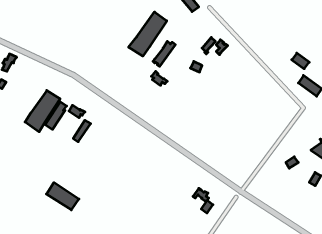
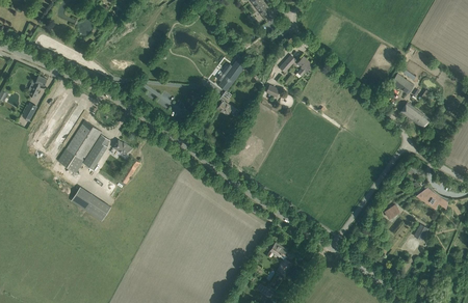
building: [129,12,167,56] -> none
building: [46,183,79,210] -> [71,186,111,220]

